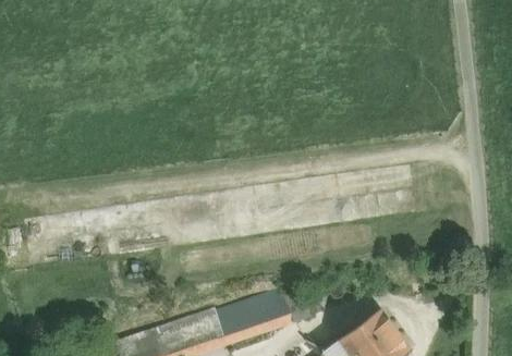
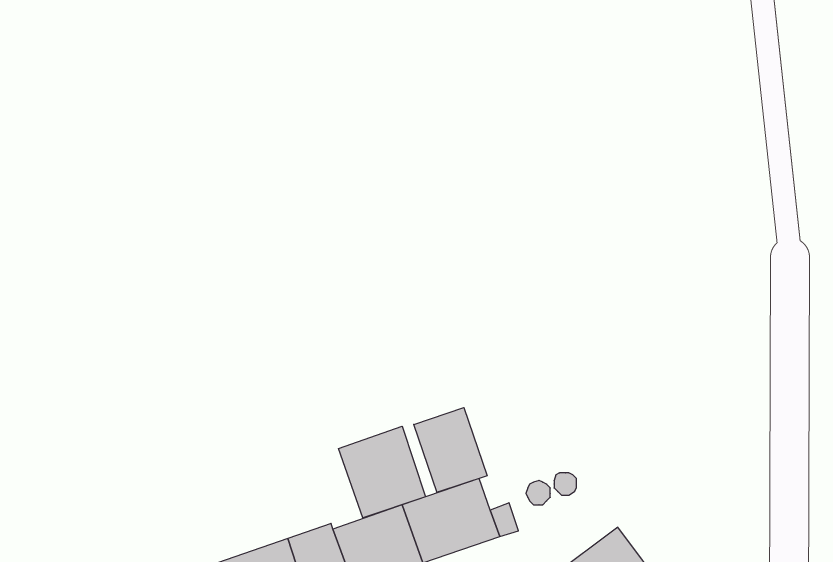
building: none -> [414,408,487,493]
building: none -> [338,426,426,518]

